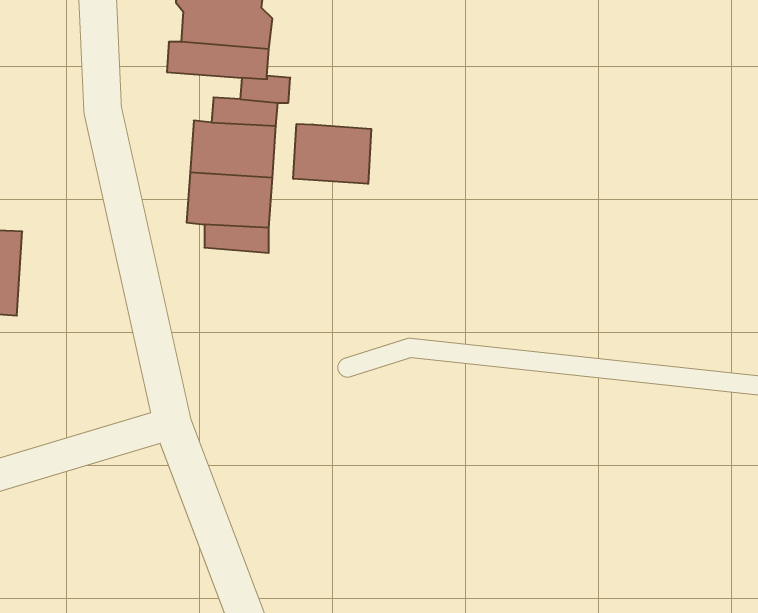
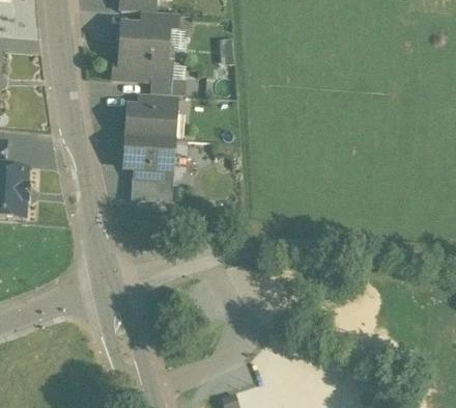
building: [293,124,371,184] -> none
building: none -> [131,179,170,199]

